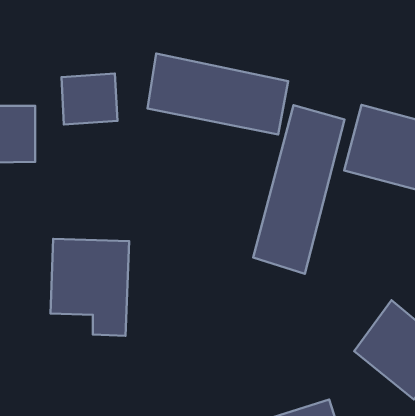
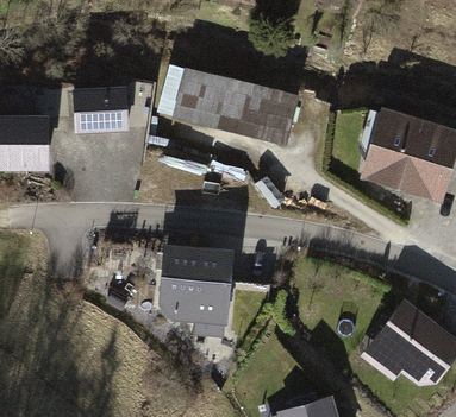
building: [253,105,345,274] -> none
building: [51,239,129,336] -> [156,246,231,339]

